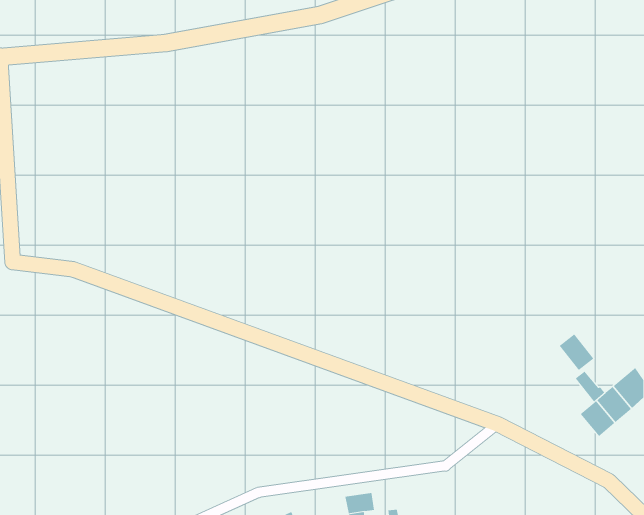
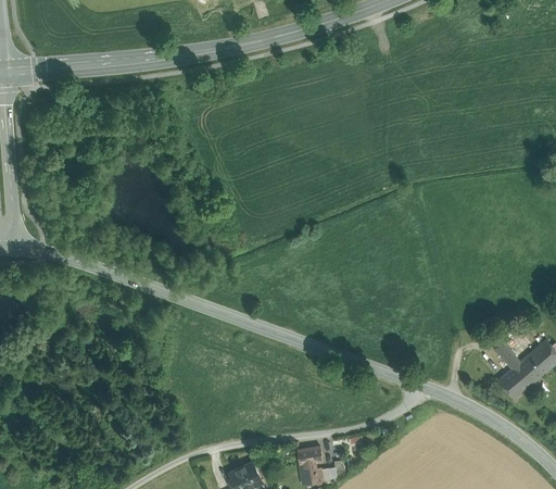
building: [559,333,594,371] -> none

